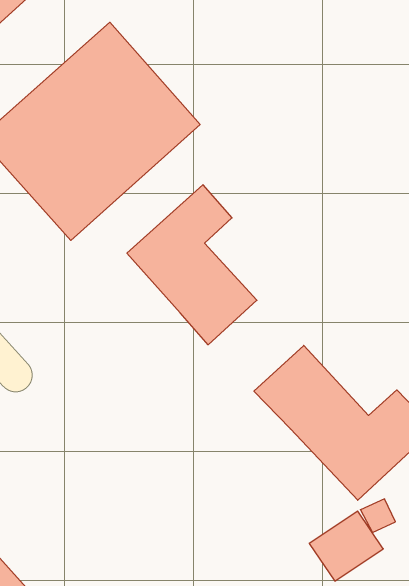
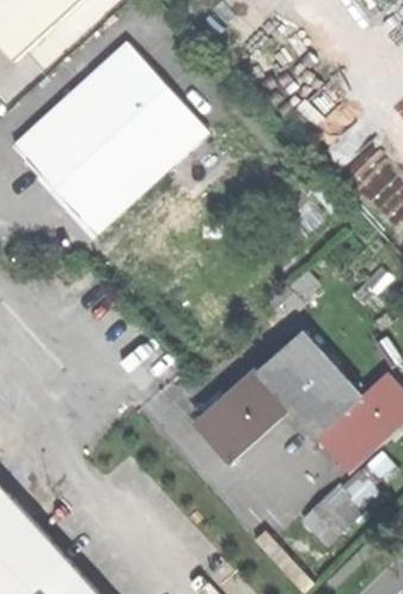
building: [127,185,257,345] -> none
building: none -> [190,368,288,463]

